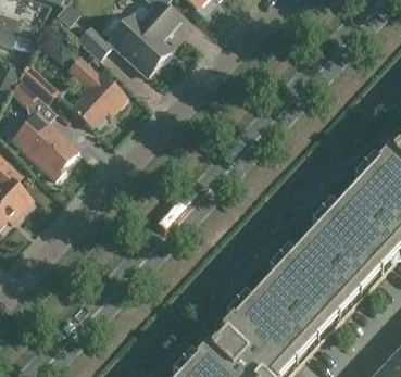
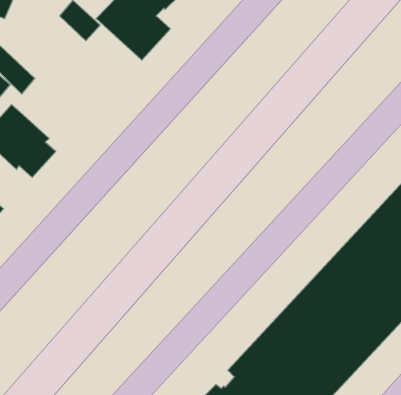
building: [70,58,126,127] -> none

